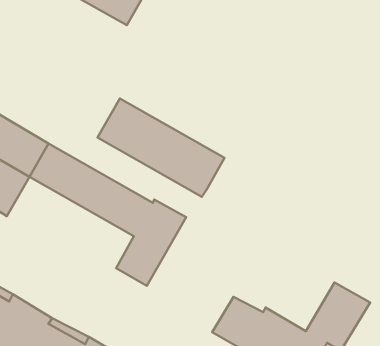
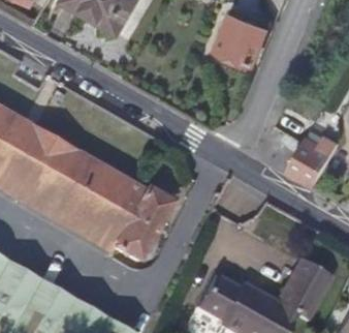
building: none -> [220,14,269,65]
building: [97,98,224,197] -> [17,164,127,250]
building: none -> [287,137,334,185]

